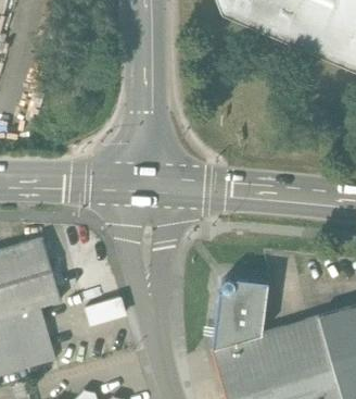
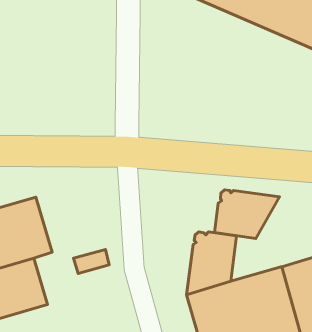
building: none -> [214,190,279,239]

